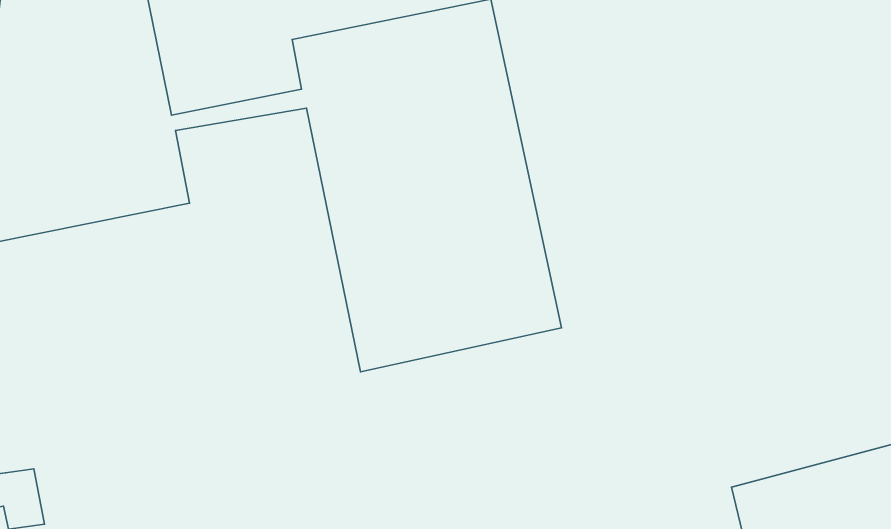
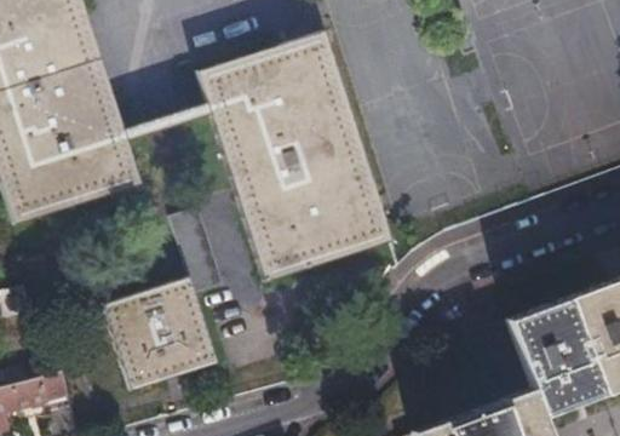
building: none -> [101,275,213,386]

